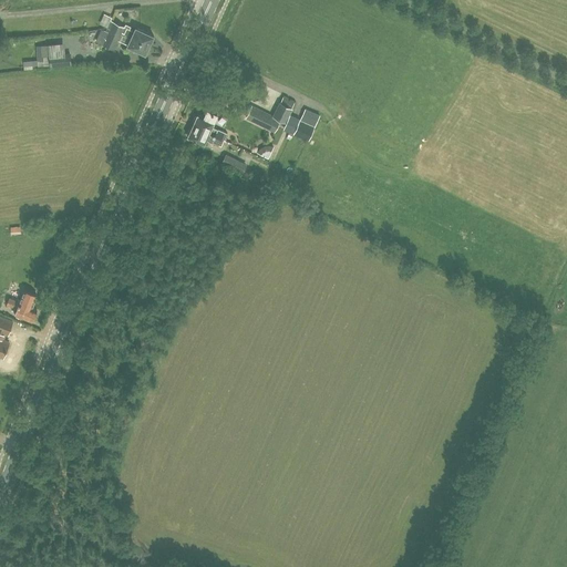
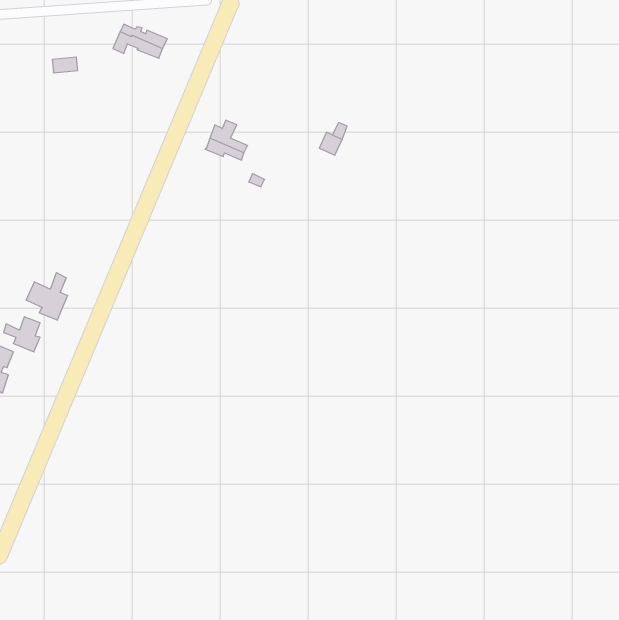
building: [244,100,291,132] -> none
building: none -> [26,273,68,320]

